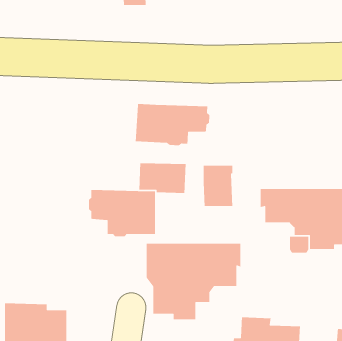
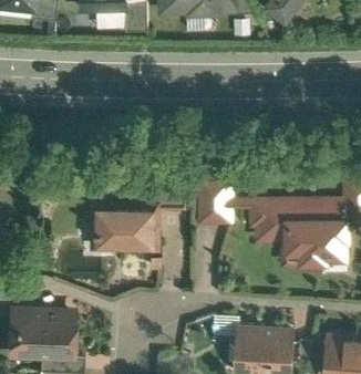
building: [135,103,210,146] -> none
building: [146,243,241,320] -> none

